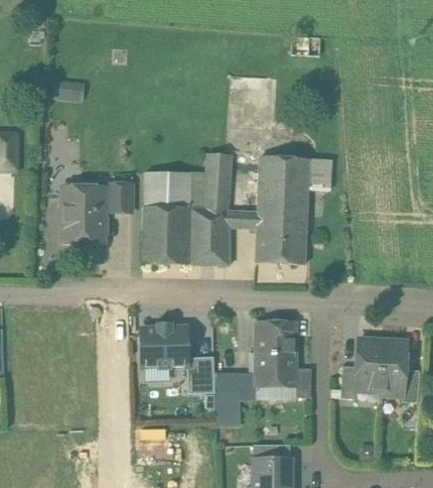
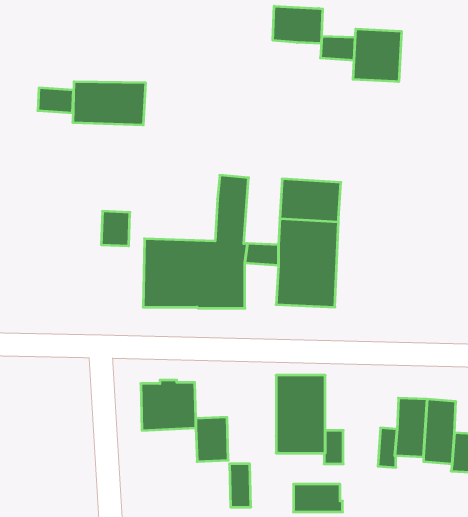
building: none -> [273,6,323,43]
building: none -> [353,29,401,82]
building: [307,158,330,190] -> none
building: [144,171,205,208] -> [73,82,146,125]
building: [60,187,103,242] -> none
building: [215,372,257,395] -> [293,484,343,512]

